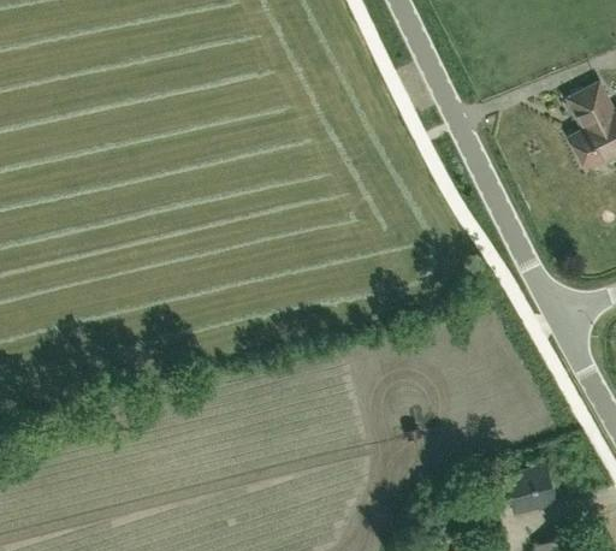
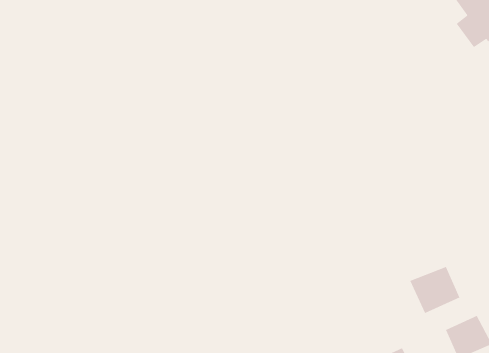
building: none -> [409,266,460,314]

